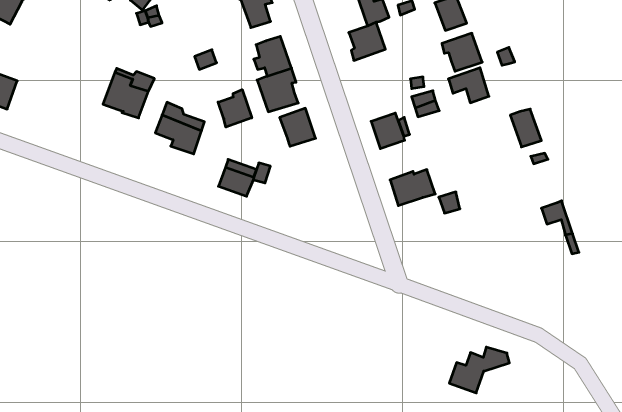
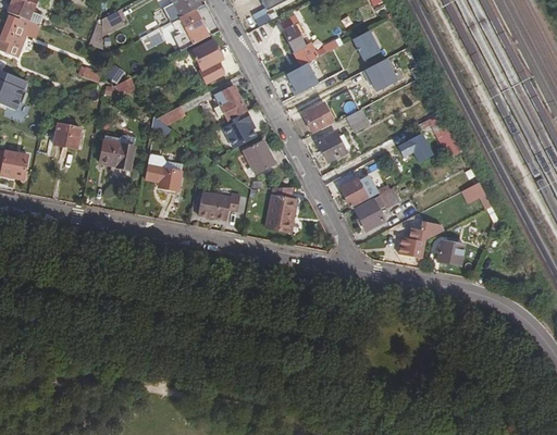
building: none -> [52,122,79,148]
building: [448,68,489,103] -> [399,132,434,161]
building: none -> [302,101,335,132]
building: [218,90,252,127] -> none
building: none -> [267,186,297,232]
building: none -> [355,196,384,229]
building: none -> [437,238,463,264]
building: [449,347,509,393] -> [399,220,445,258]

